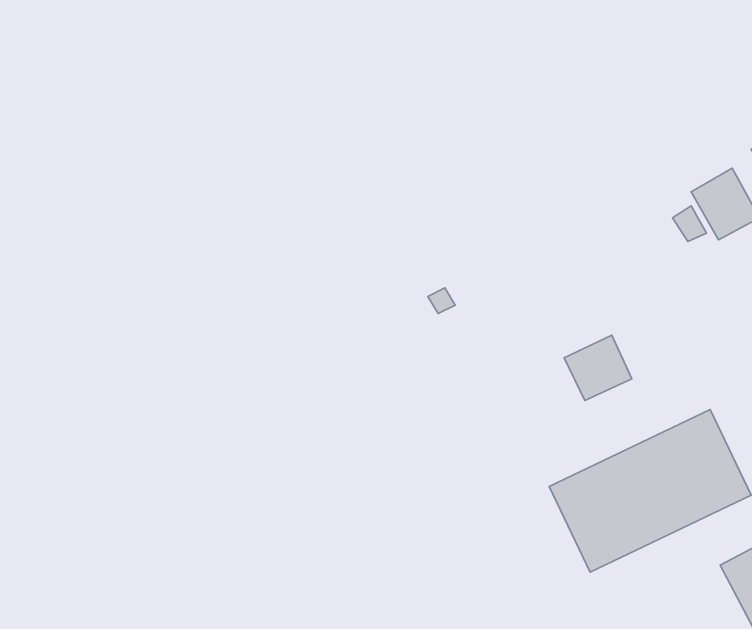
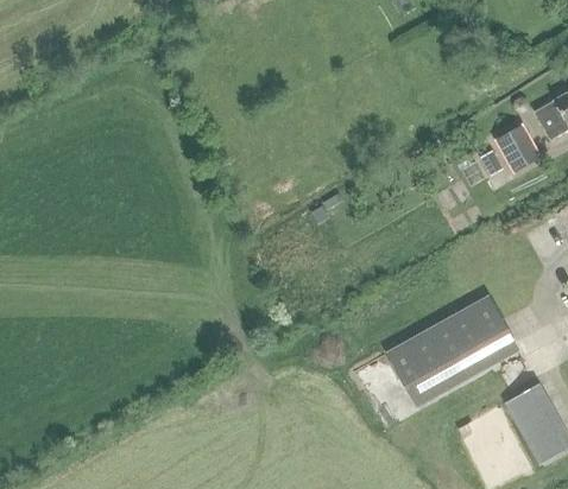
building: [564,335,632,400] -> none

